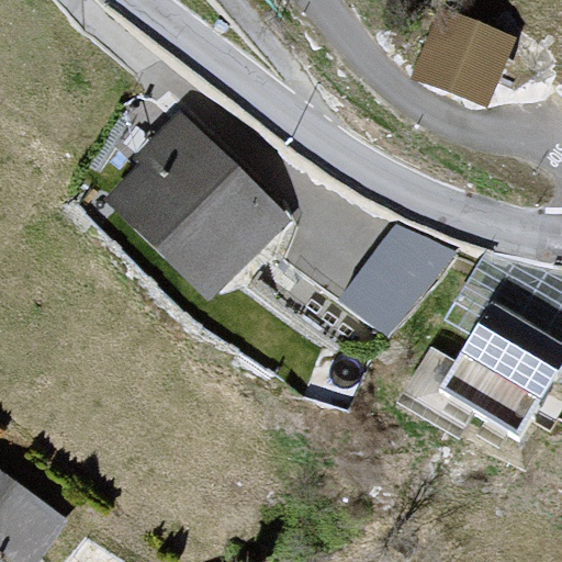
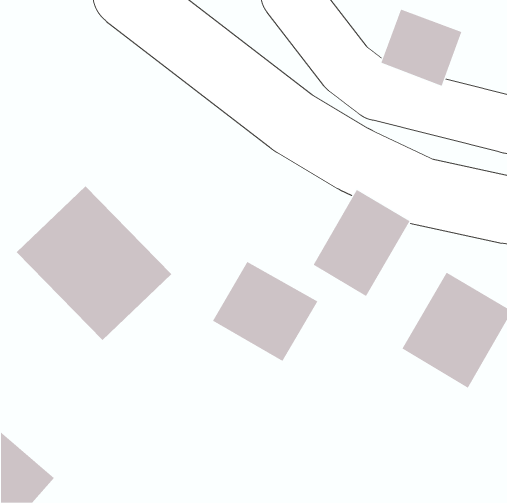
building: [110,130,282,301] -> [16,185,172,341]
building: none -> [212,261,318,362]

